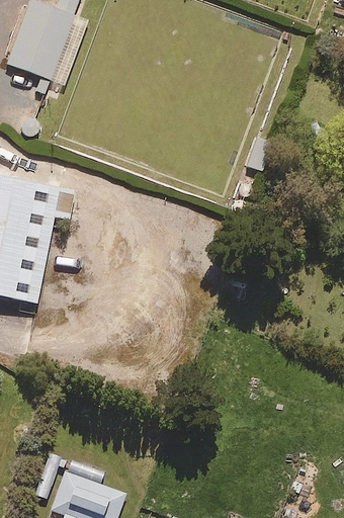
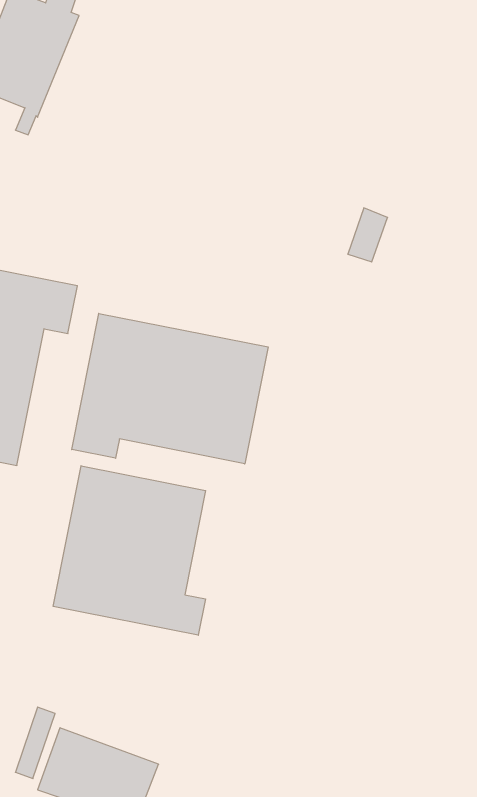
building: none -> [72,313,268,464]
building: none -> [53,466,206,635]

